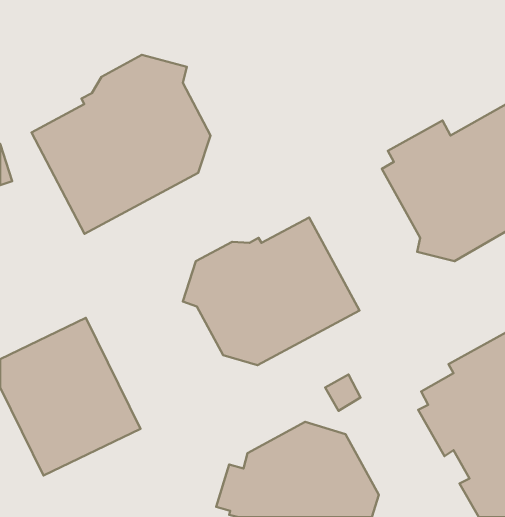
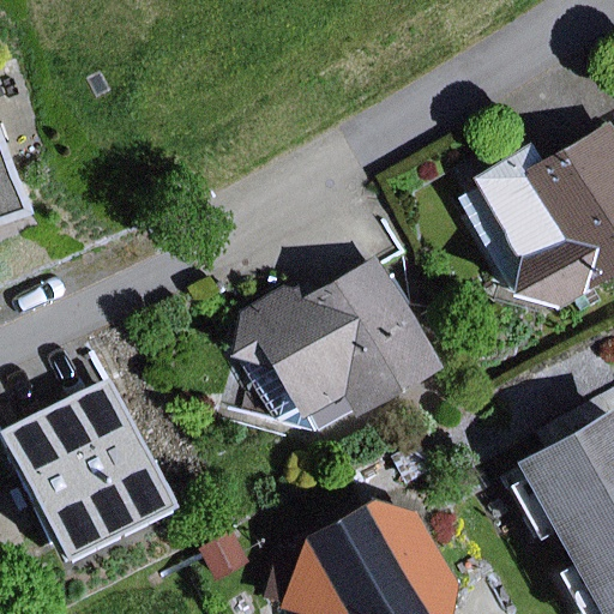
building: [32,55,210,234] -> none

